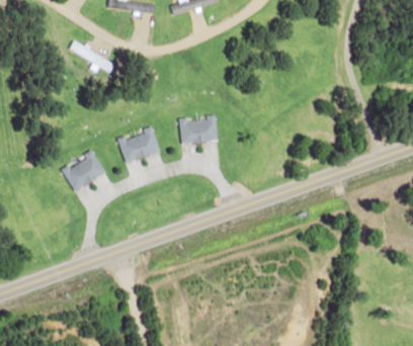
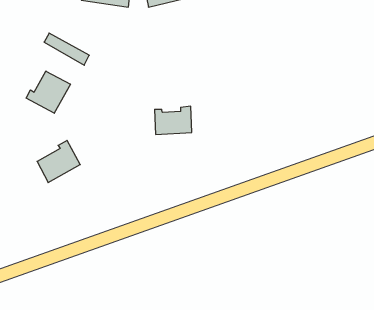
building: none -> [26,71,70,113]
building: [117,125,160,163] -> none

